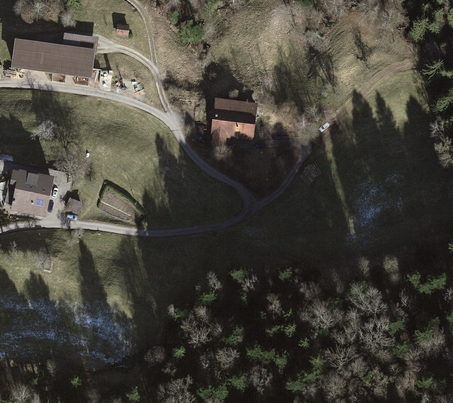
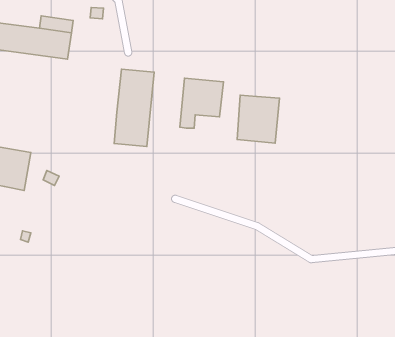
building: none -> [114,69,154,146]
building: none -> [237,95,280,143]

